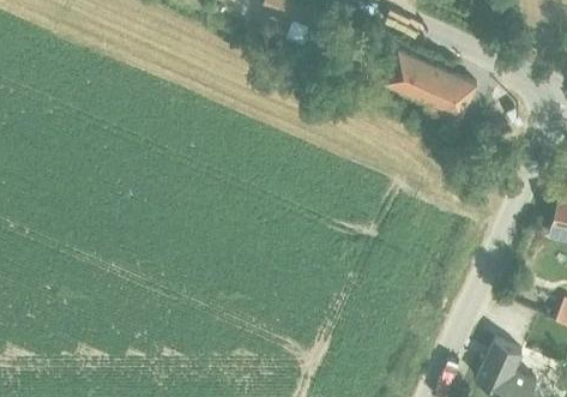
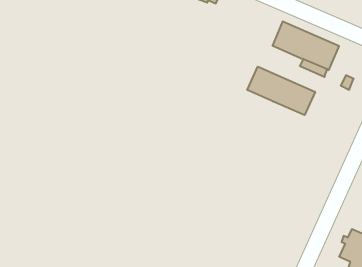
building: none -> [247,67,315,115]

